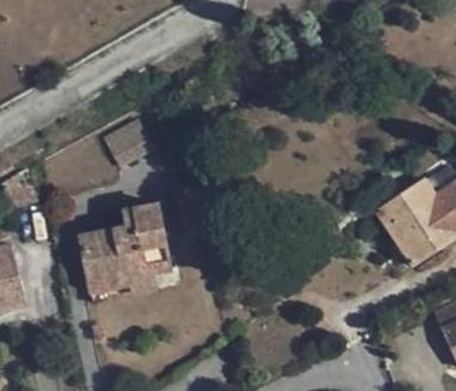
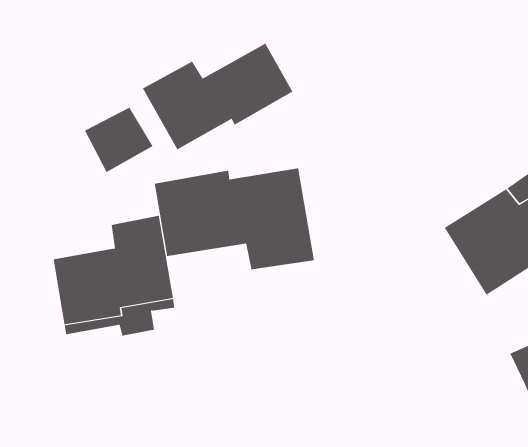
building: none -> [142,43,293,150]
building: none -> [154,167,314,270]

